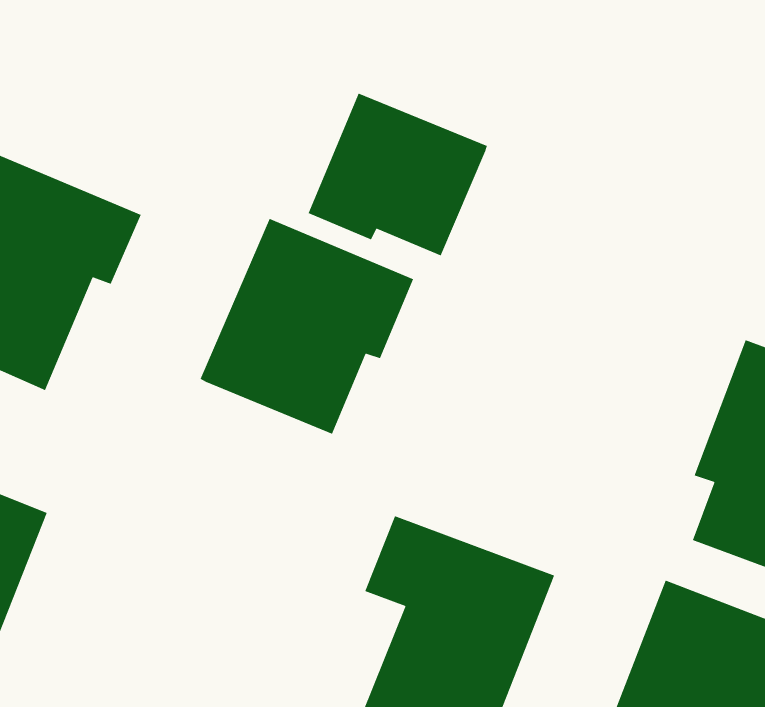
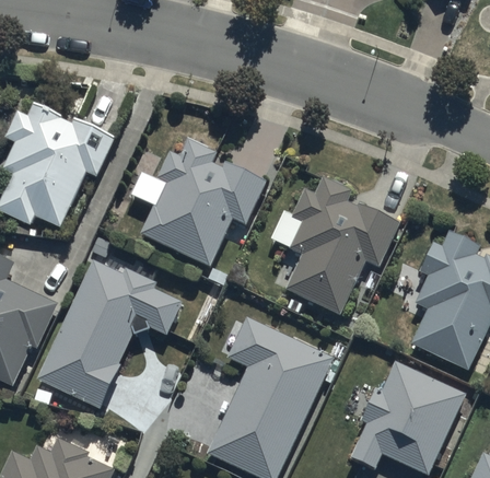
building: [307,92,488,256] -> none
building: none -> [287,175,401,315]
building: none -> [37,260,182,407]

